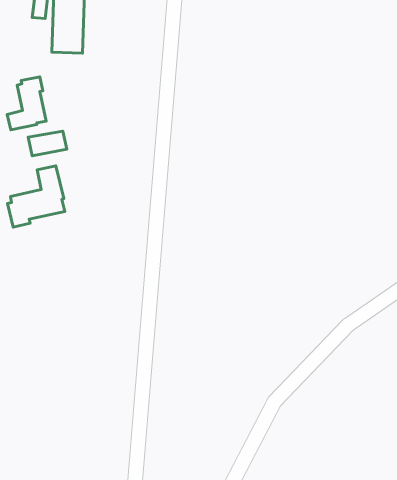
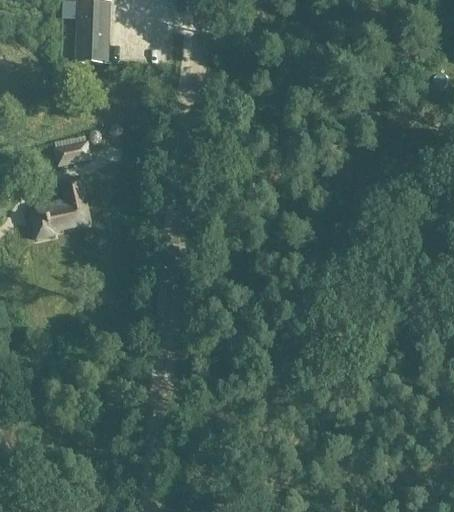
building: [7,77,46,130] -> none

